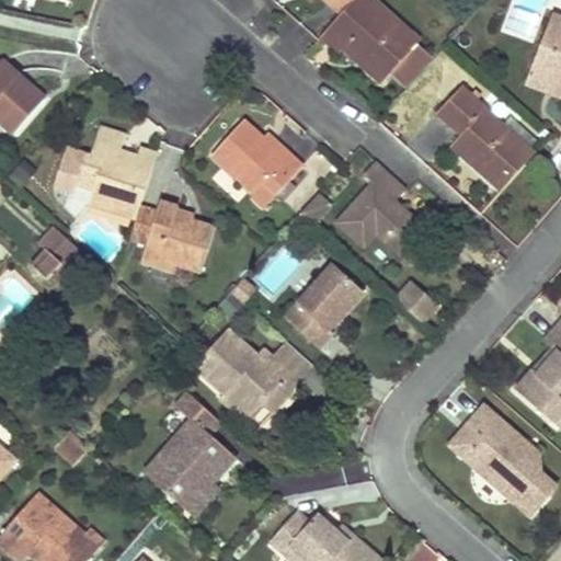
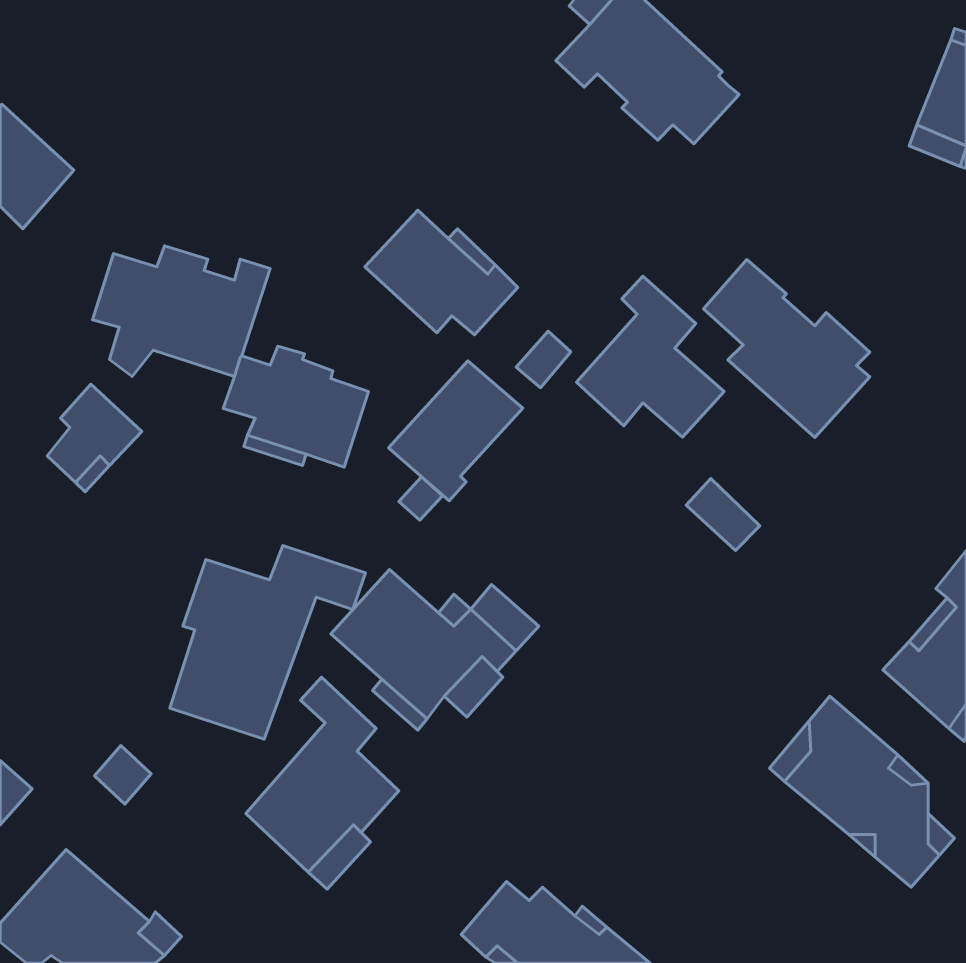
building: [437,87,534,190] -> [703,260,870,437]
building: [283,264,360,345] -> [389,361,523,501]
building: none -> [170,545,365,739]

